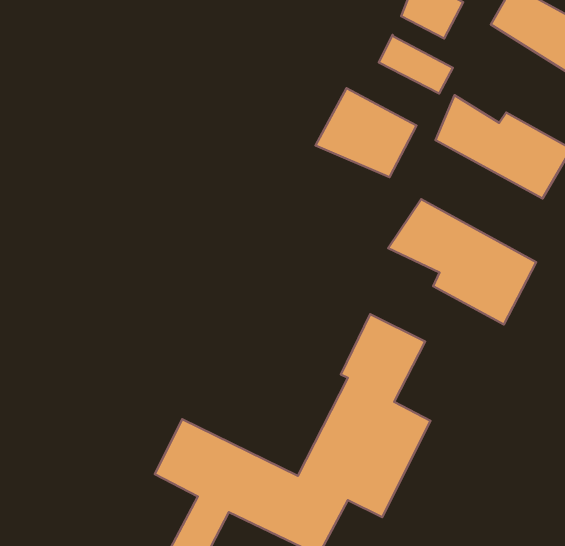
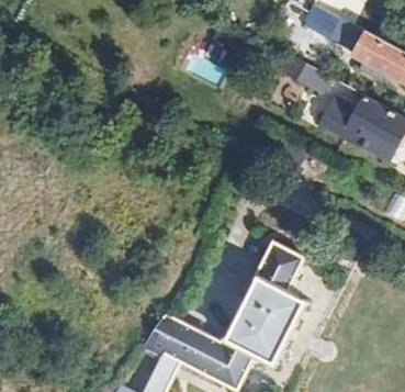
building: [315,88,417,177] -> none
building: [388,199,536,325] -> none

